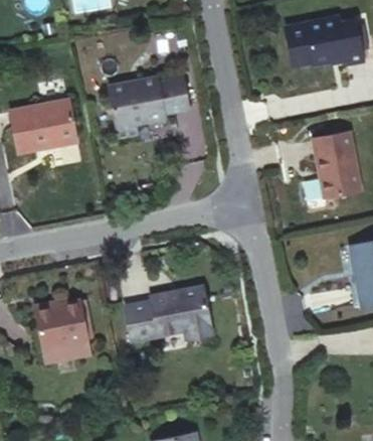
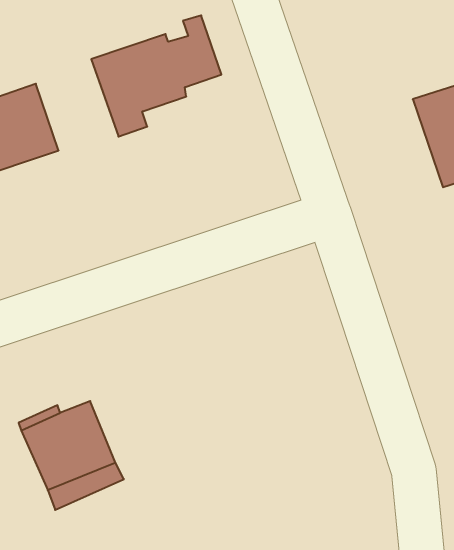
building: [128,278,220,342] -> none

